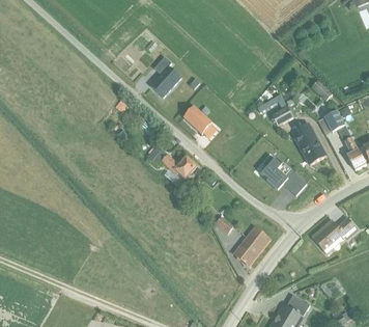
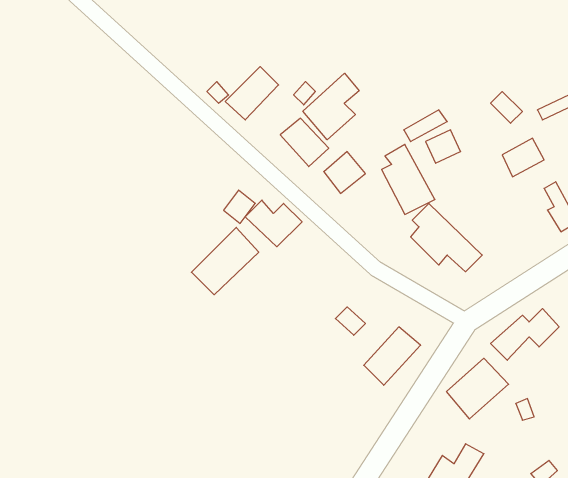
building: none -> [303,73,359,140]
building: [293,121,327,165] -> [382,144,435,214]
building: none -> [191,227,259,295]
building: none -> [447,358,509,419]

